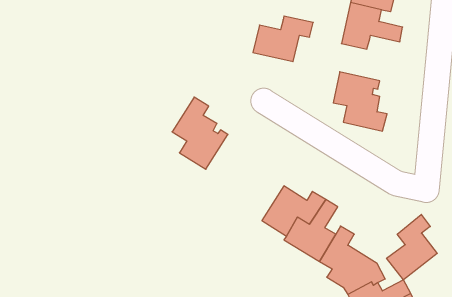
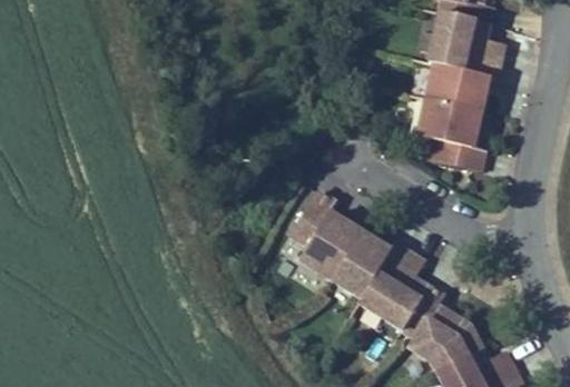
building: [253,16,313,62] -> [428,53,501,109]
building: [172,97,228,169] -> [292,191,360,279]
building: [387,214,437,280] -> none

